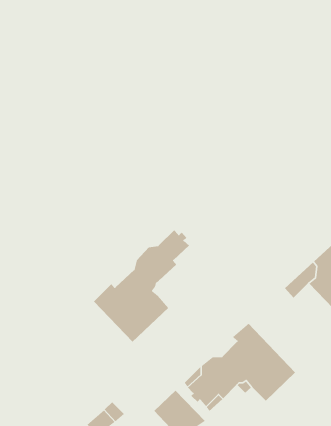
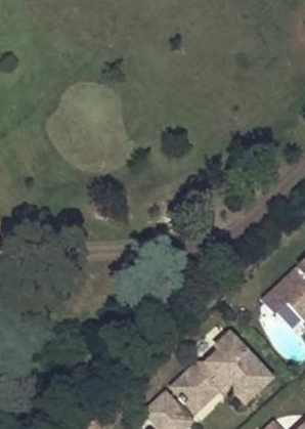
building: [93,230,190,343] -> none

